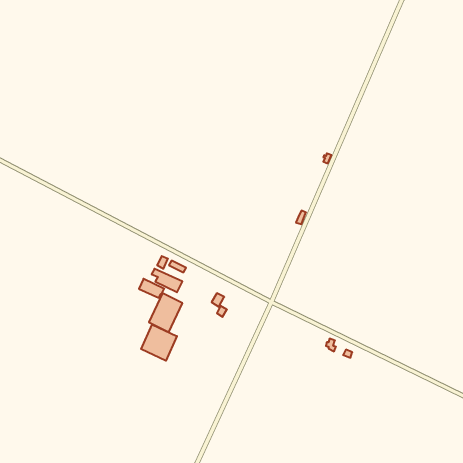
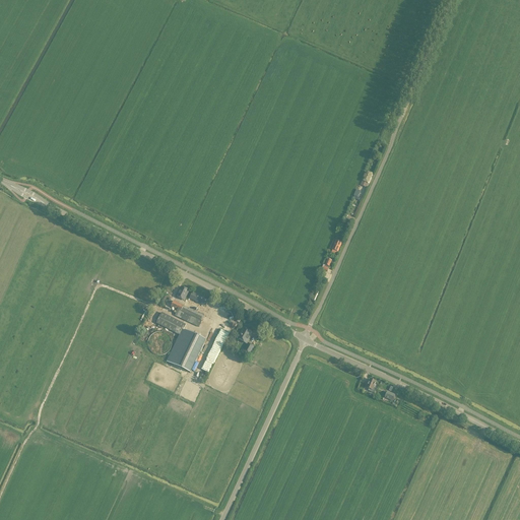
building: [141,324,177,361] -> none

